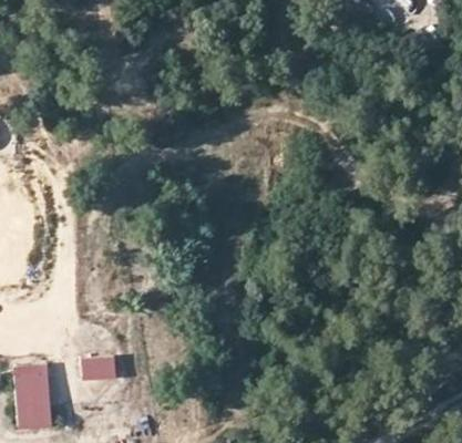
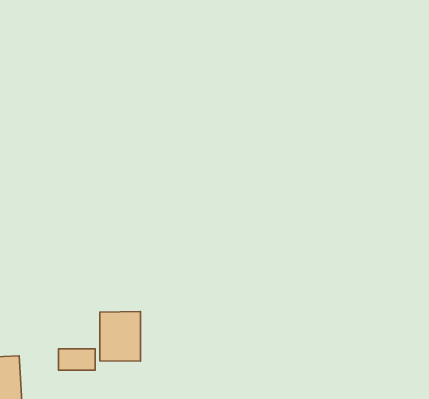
building: none -> [100,312,140,361]

